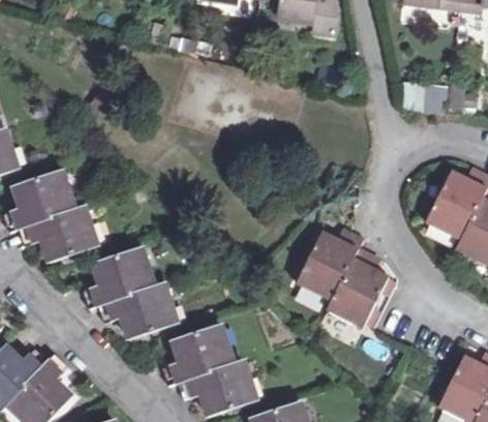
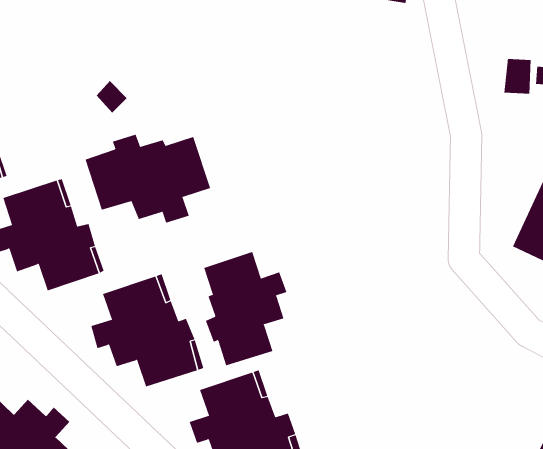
building: none -> [85,134,211,224]
building: [296,230,389,330] -> none
building: none -> [204,251,287,366]

